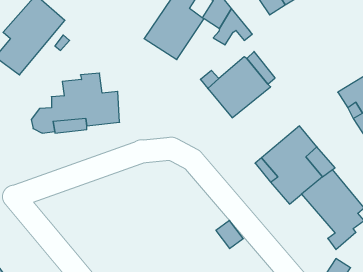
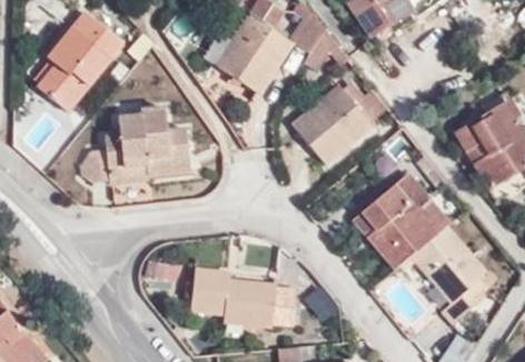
building: none -> [194,270,298,326]

